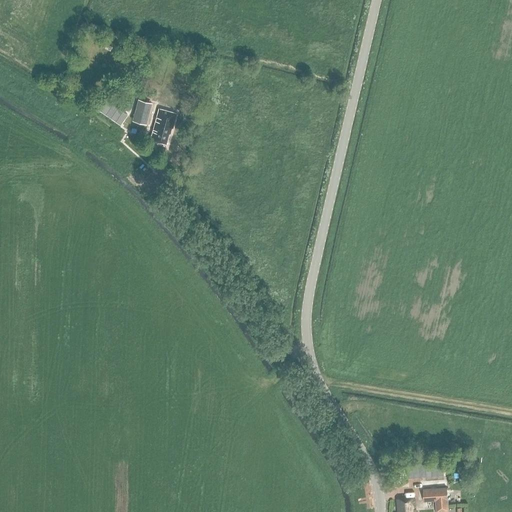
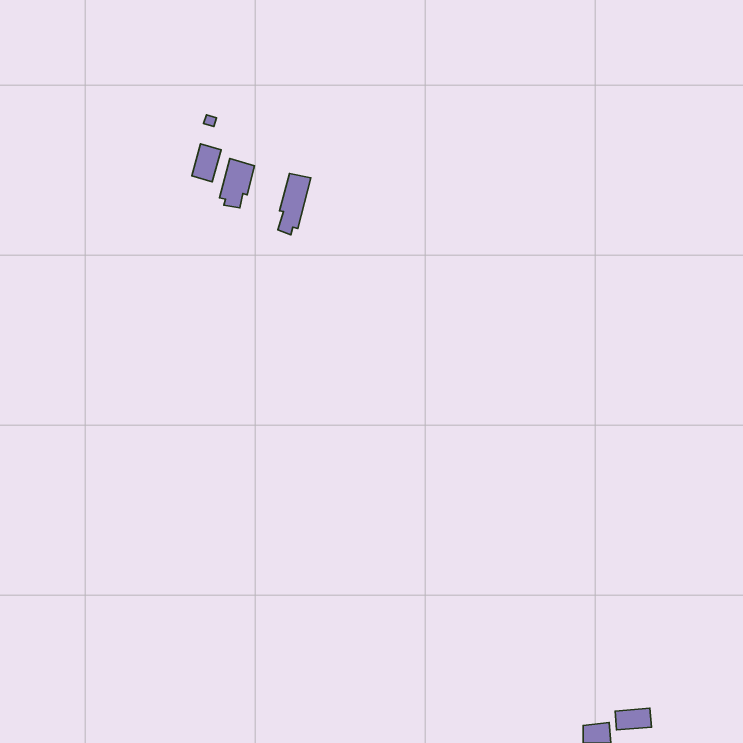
building: none -> [278,173,311,235]

